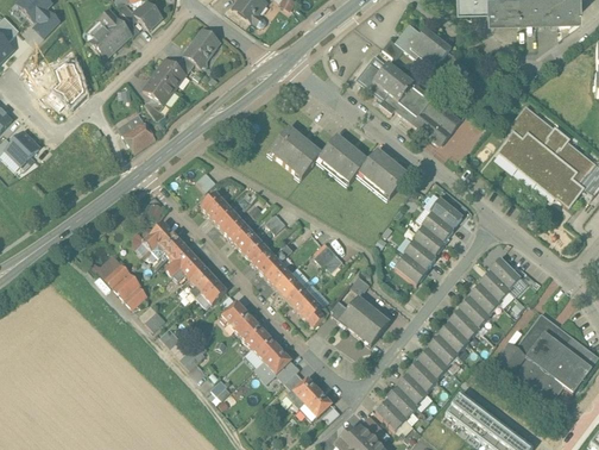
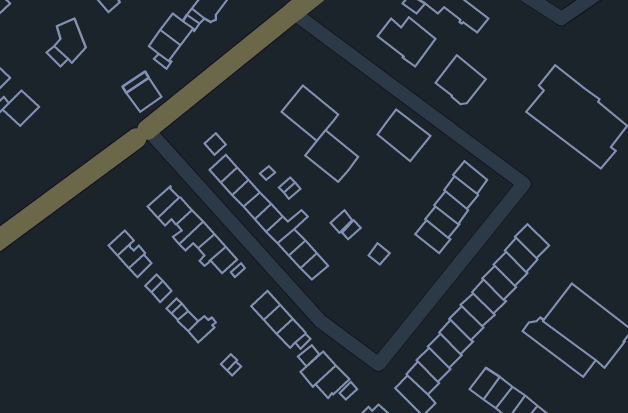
building: [393,82,433,124] -> none
building: [317,135,367,183] -> [305,130,358,182]
building: [296,296,328,329] -> none
building: [339,298,387,344] -> none
building: [219,301,254,335] -> none

